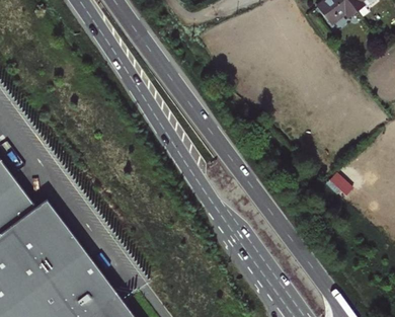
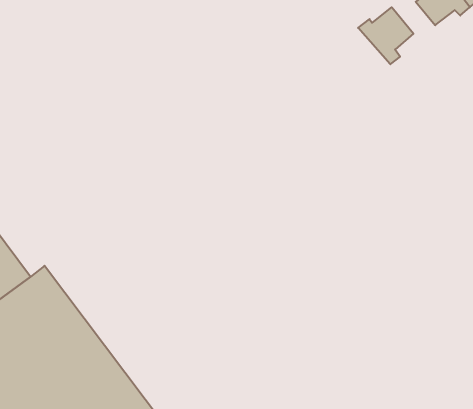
building: none -> [358,7,413,64]

